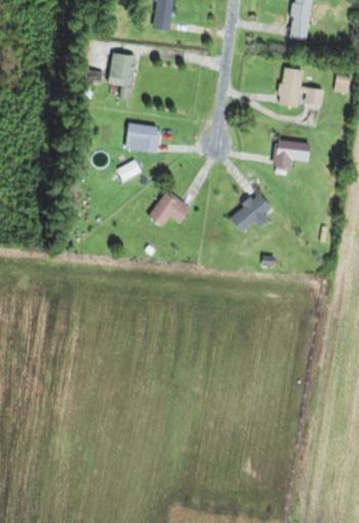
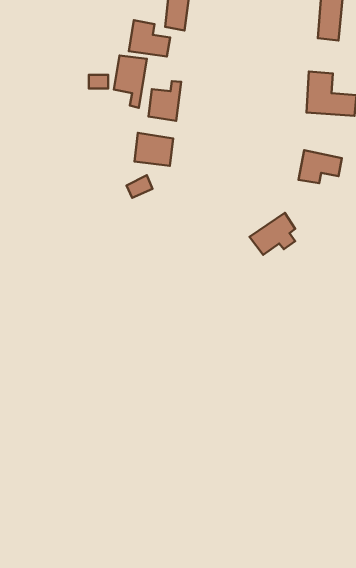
building: none -> [129,20,170,57]
building: none -> [148,81,181,121]
building: [147,191,190,228] -> none

